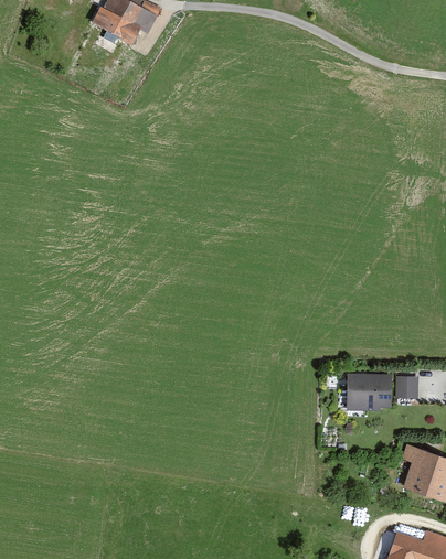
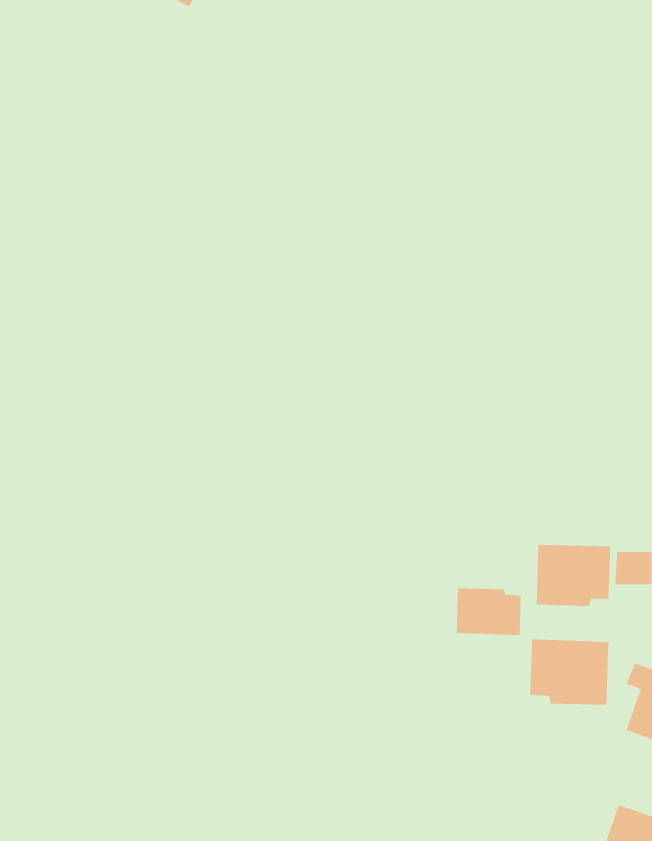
building: none -> [456,588,521,636]
building: none -> [530,639,609,706]

